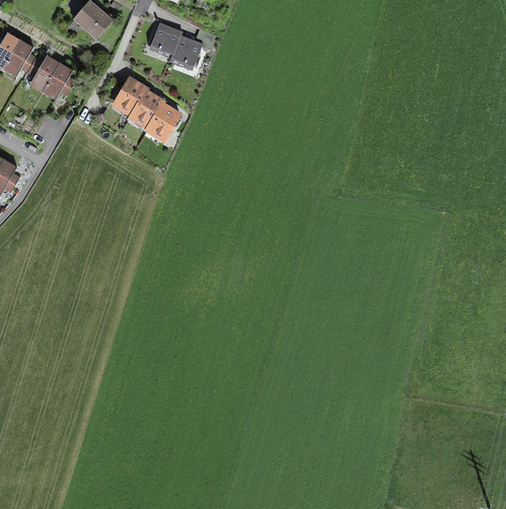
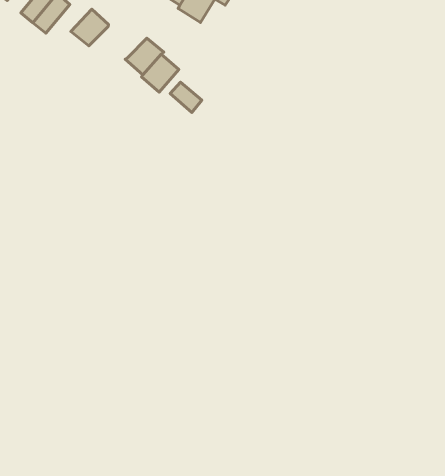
building: [114,77,146,111] -> [71,9,108,46]
building: none -> [170,82,202,112]

